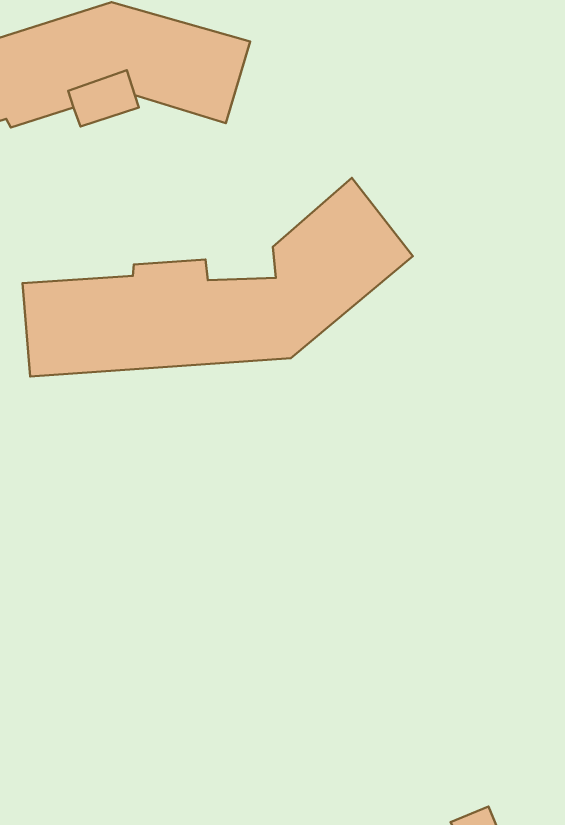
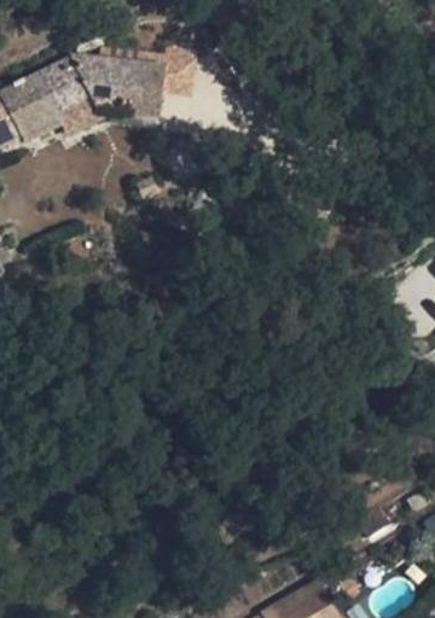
building: [23,178,413,377] -> none

